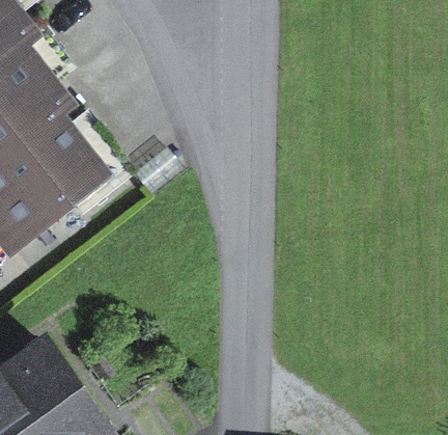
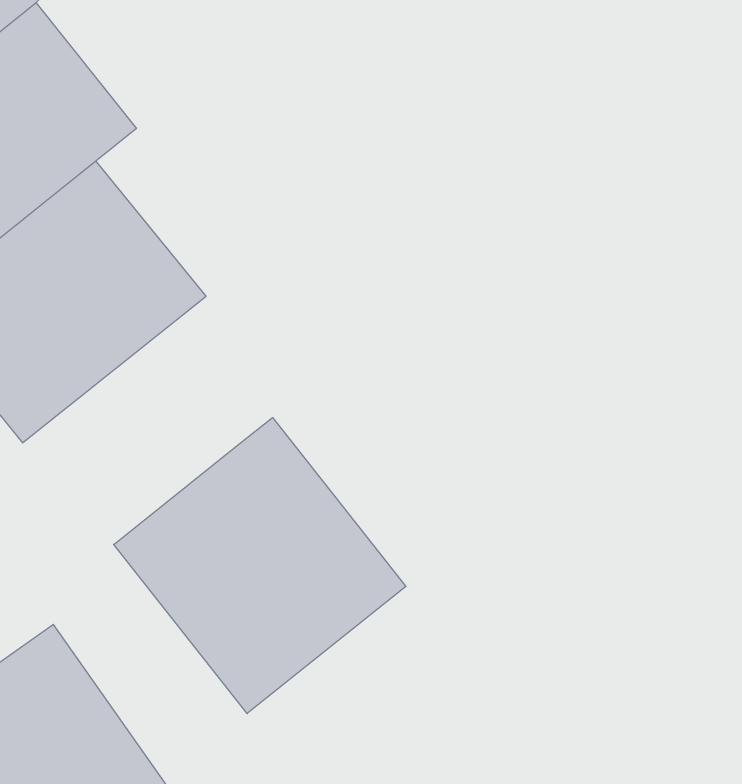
building: none -> [114,418,406,714]

